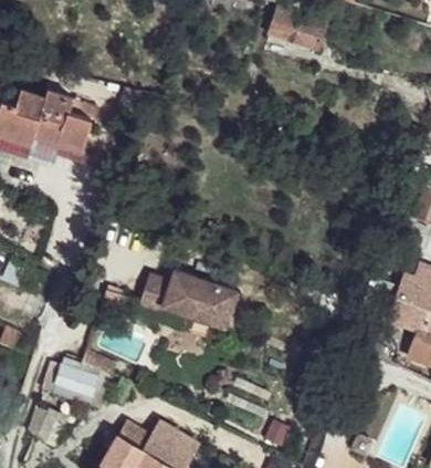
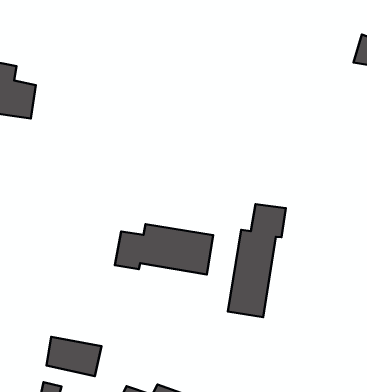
building: none -> [228,204,286,317]

